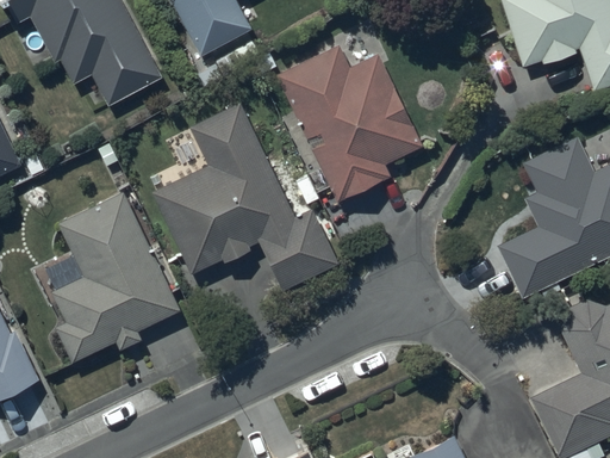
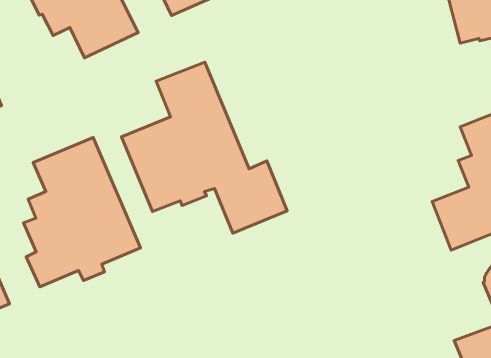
building: [278,45,423,202] -> none

